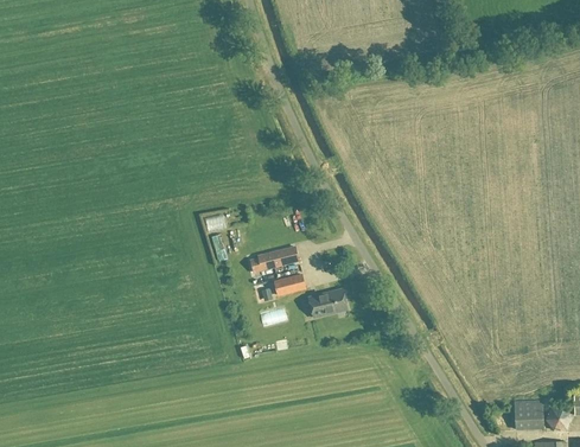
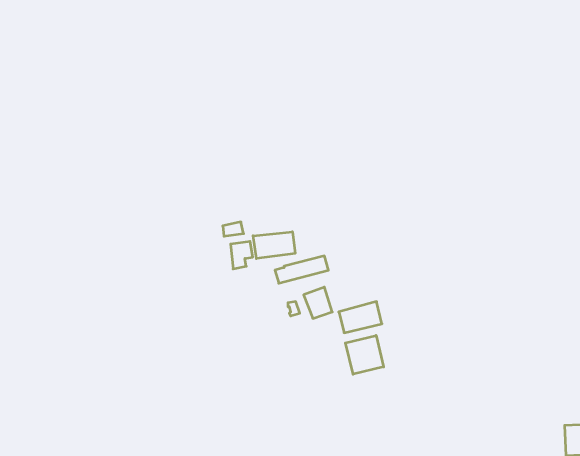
building: none -> [253,232,295,259]
building: none -> [345,335,384,374]

